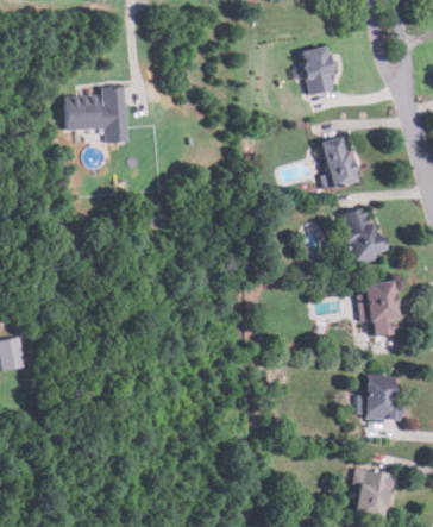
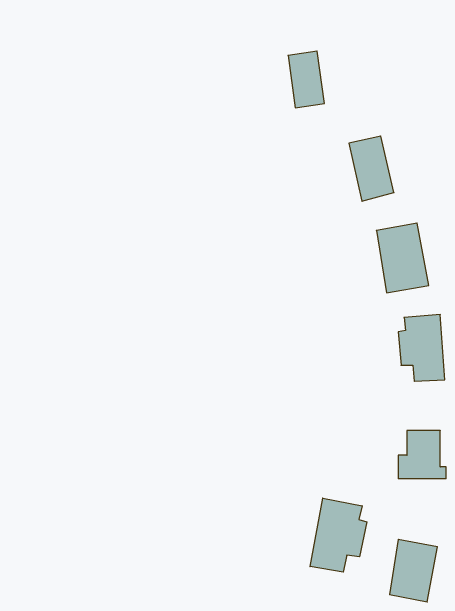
building: [305,46,334,93] -> [288,51,324,108]
building: [67,84,131,142] -> none
building: none -> [310,498,367,572]

